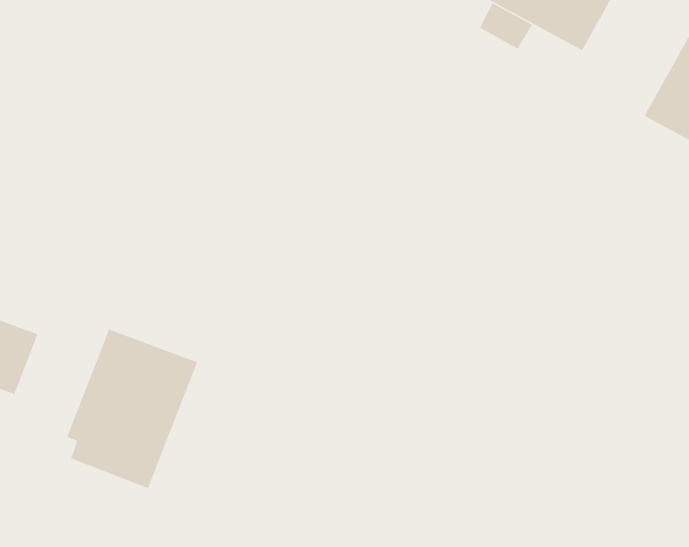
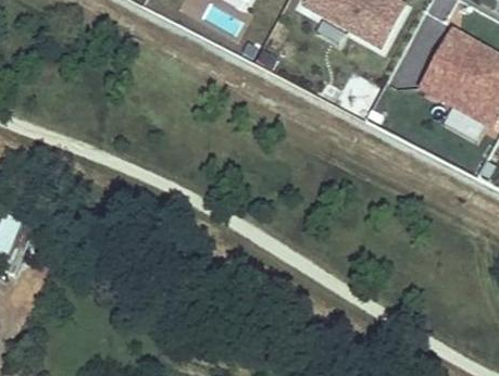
building: [66,329,198,489] -> none

